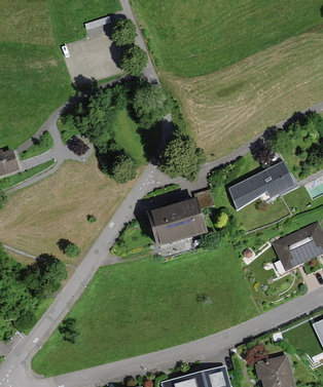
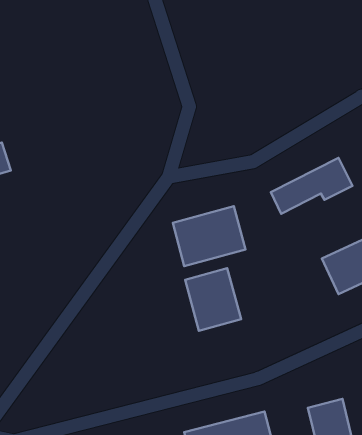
building: none -> [185,268,241,331]

